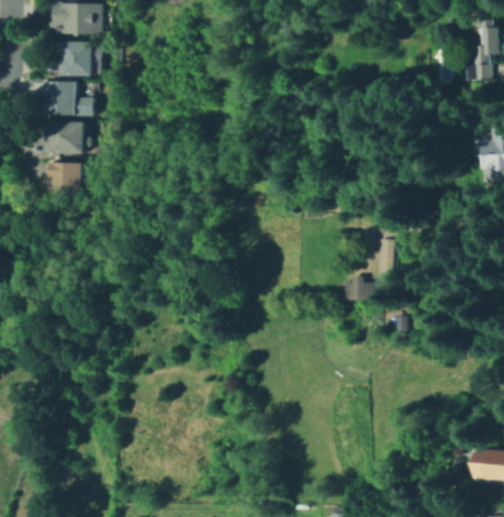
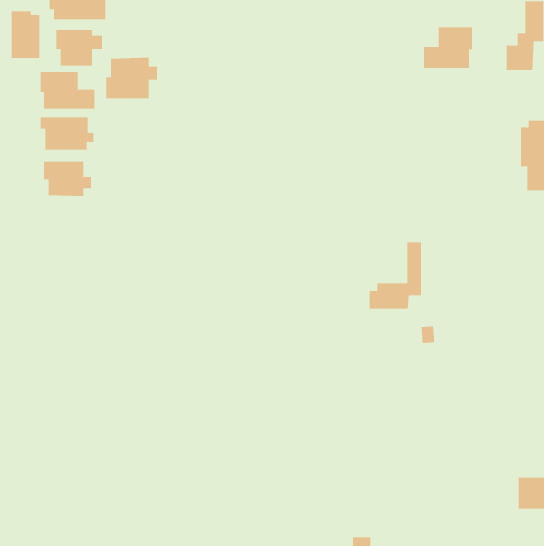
building: none -> [11,10,40,59]
building: none -> [423,26,473,69]
building: none -> [106,57,158,99]

